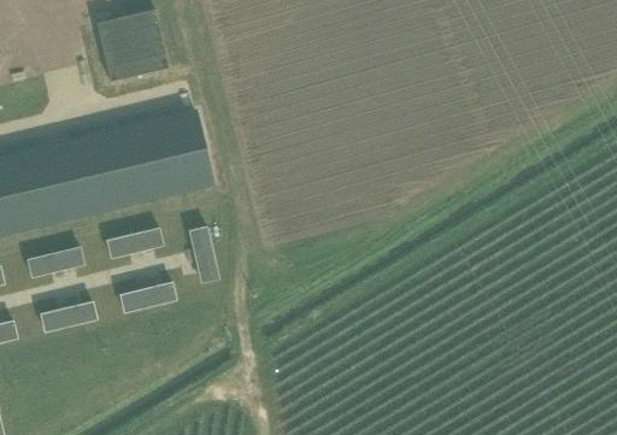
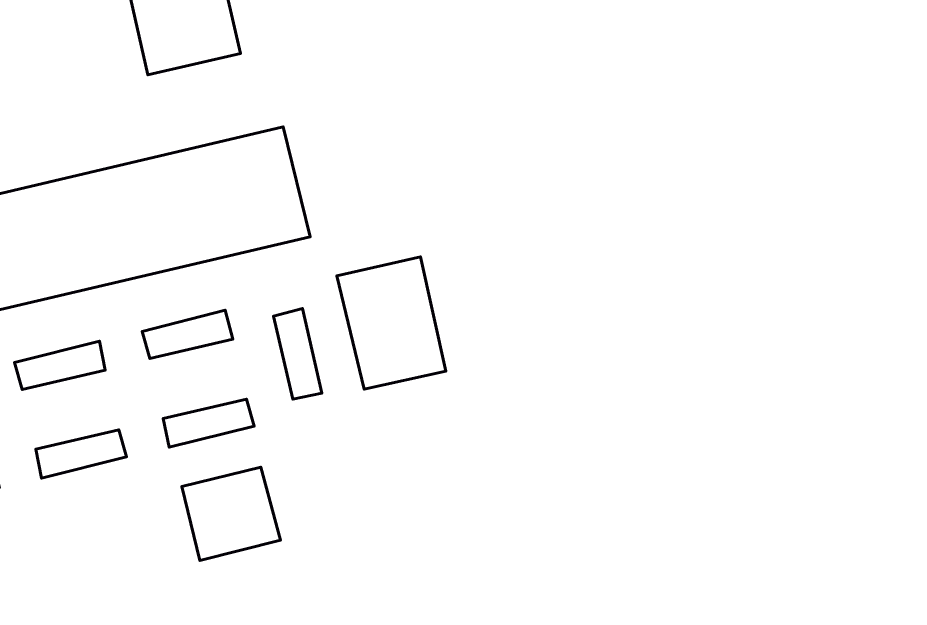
building: none -> [337,257,446,389]
building: none -> [182,467,280,560]

